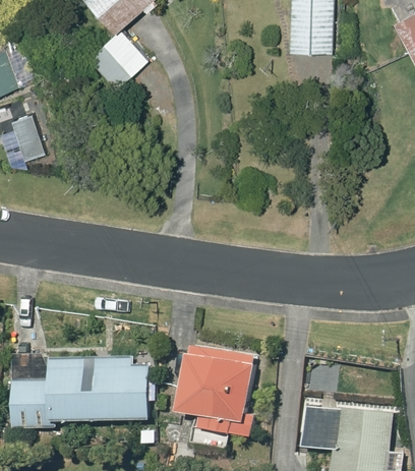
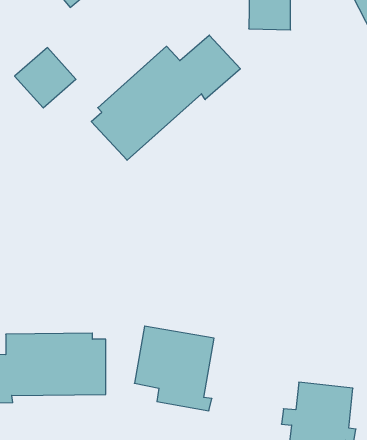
building: [86,31,147,91] -> [15,48,76,108]
building: none -> [91,35,240,160]

